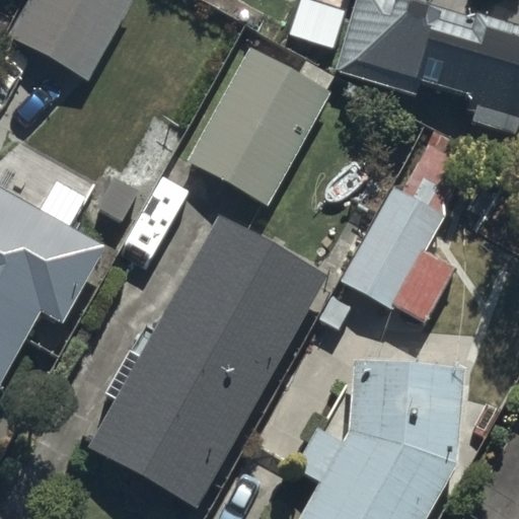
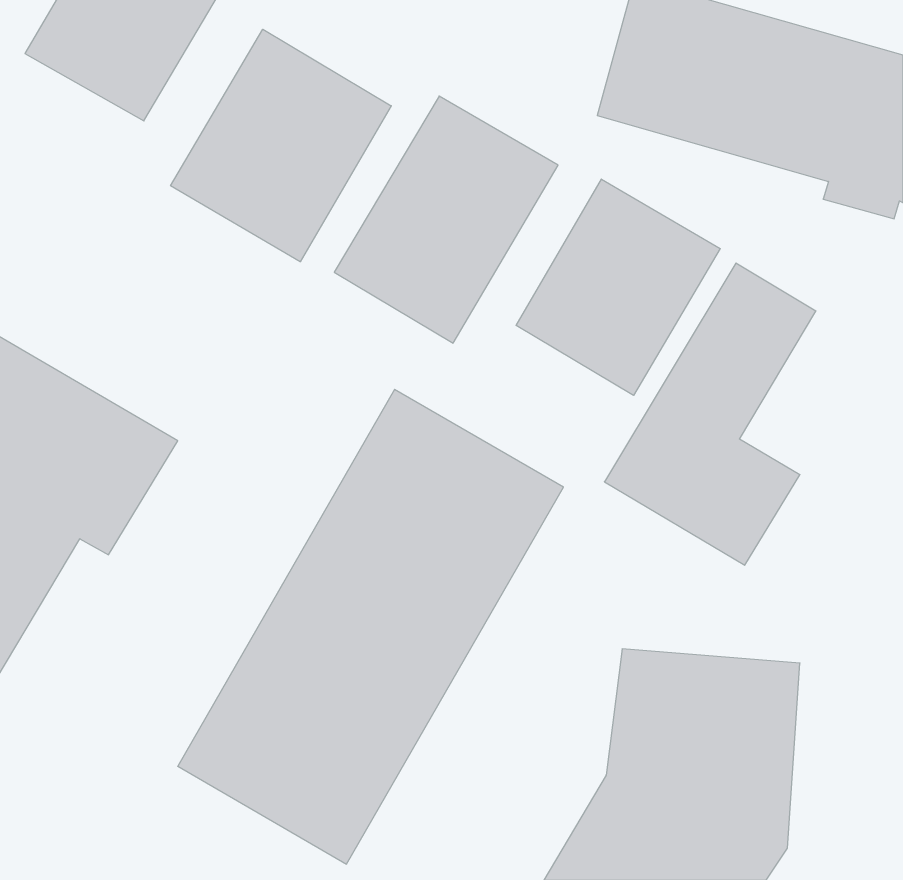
building: none -> [171,29,391,262]
building: none -> [516,179,720,395]

